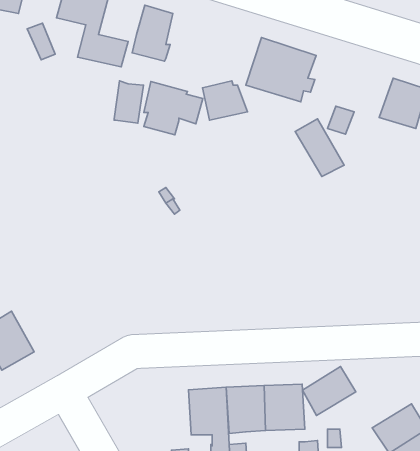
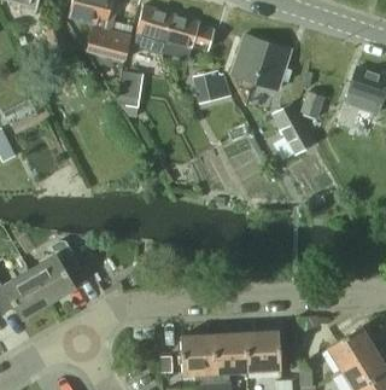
building: [144,82,203,135] -> [162,13,212,59]
building: none -> [29,240,81,304]
building: [302,366,356,416] -> [327,327,373,369]

